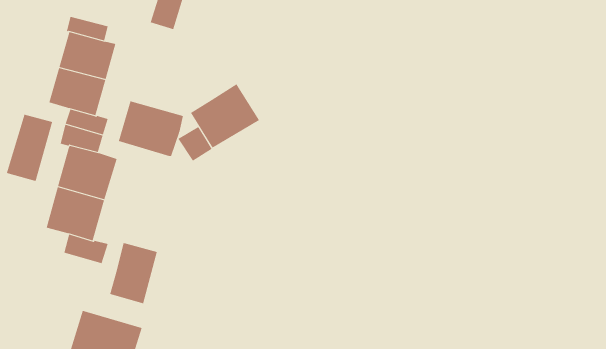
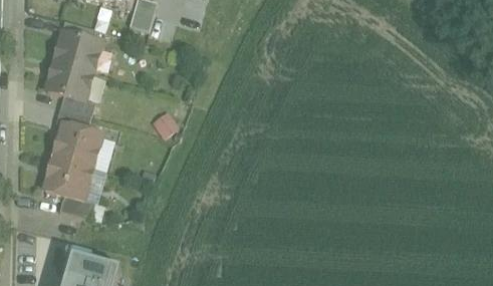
building: [190,83,260,148] -> none
building: [118,101,183,157] -> none
building: [6,114,53,182] -> none
building: [110,242,158,304] -> none

